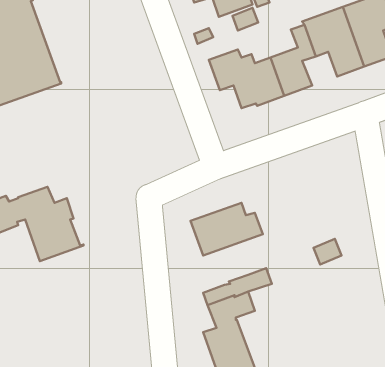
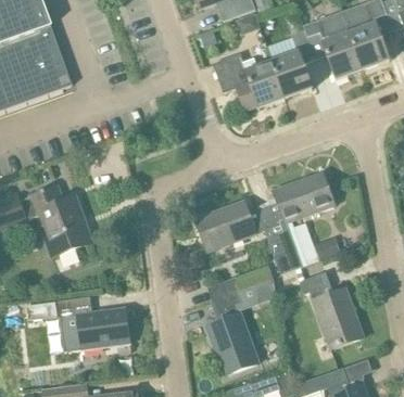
building: none -> [257,171,334,273]
building: none -> [299,270,364,348]
building: none -> [26,295,130,351]

